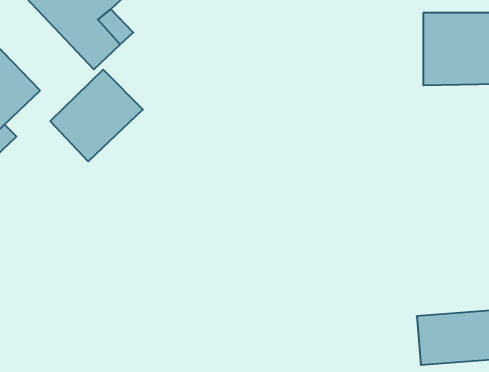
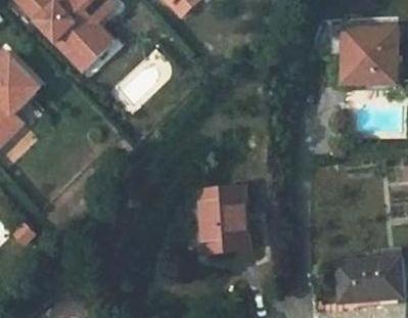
building: [50,70,143,161] -> none
building: none -> [197,186,250,253]

